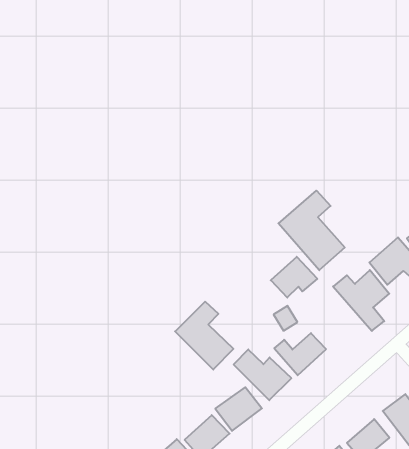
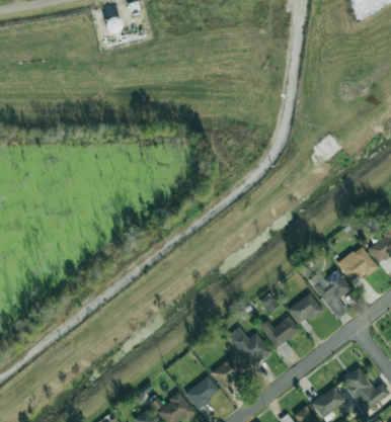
building: [278,191,345,270] -> none
building: [271,257,317,298] -> [288,293,324,325]
building: [175,302,233,370] -> none

